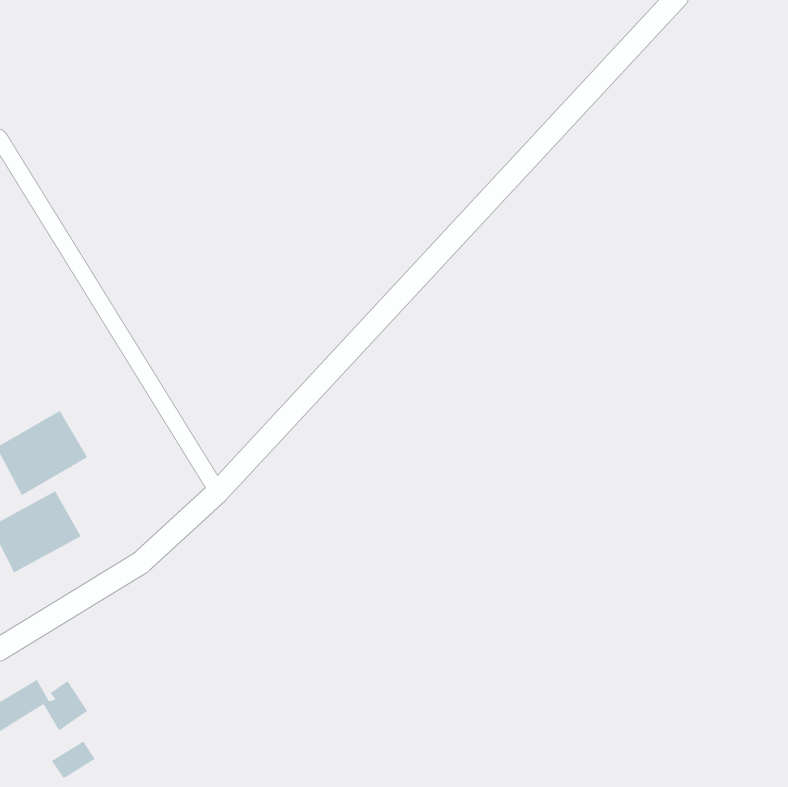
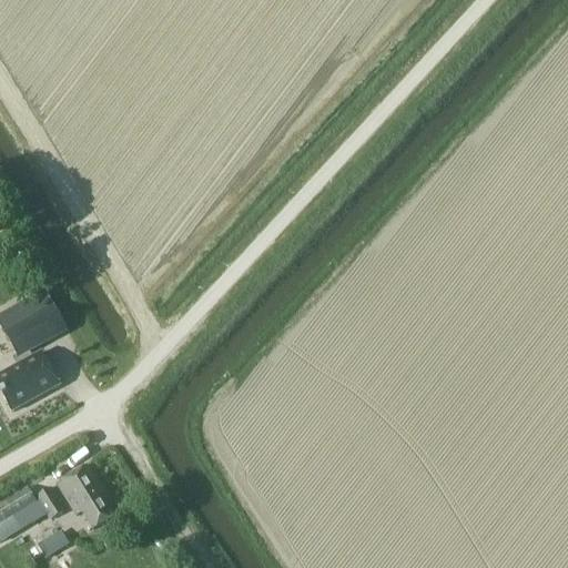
building: none -> [55,465,113,529]

